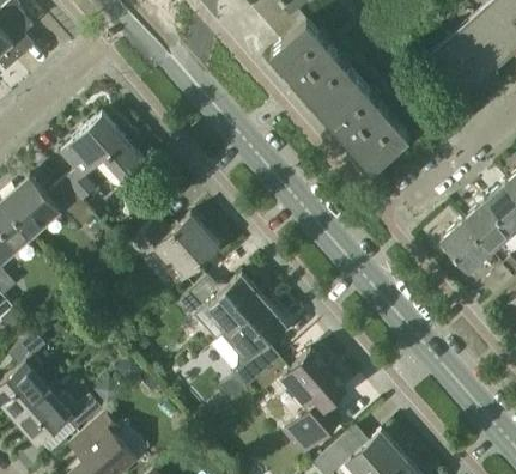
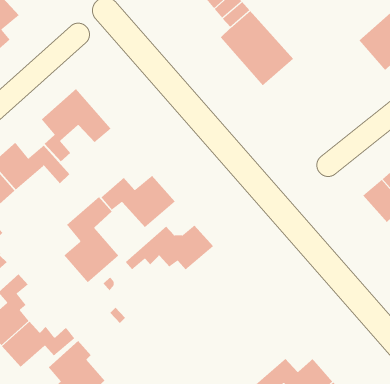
building: [321,79,409,170] -> none
building: none -> [63,196,119,283]
building: [221,300,286,389] -> none
building: [281,353,345,449] -> none

